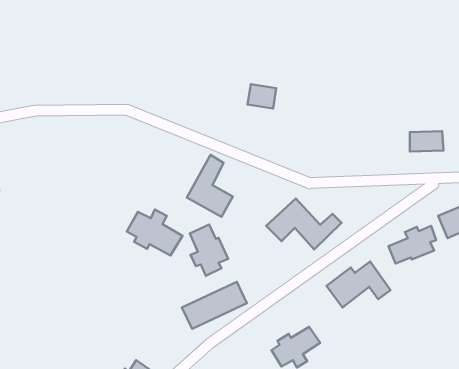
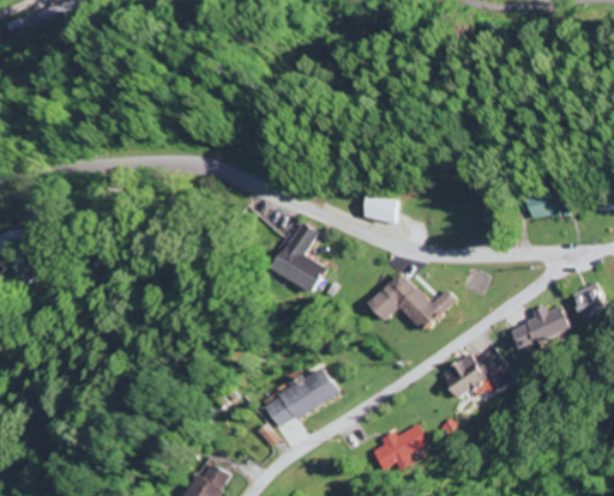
building: [248,84,276,108] -> [372,194,405,223]
building: [127,210,183,255] -> none
building: [190,225,228,276] -> none

